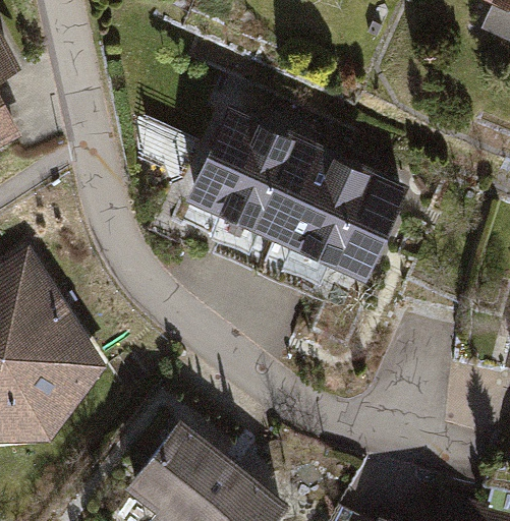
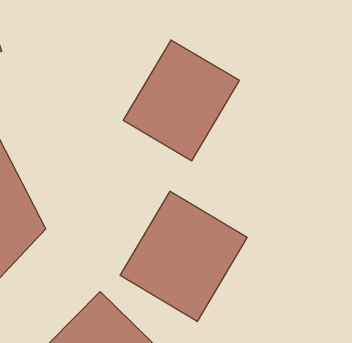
building: [270,148,406,293] -> none
building: none -> [120,191,247,322]

